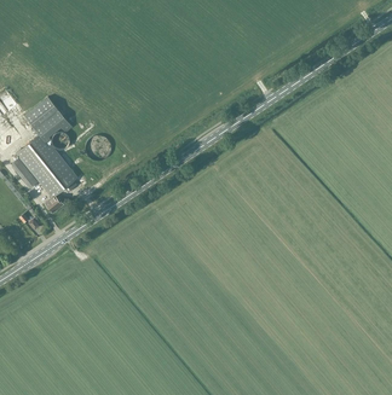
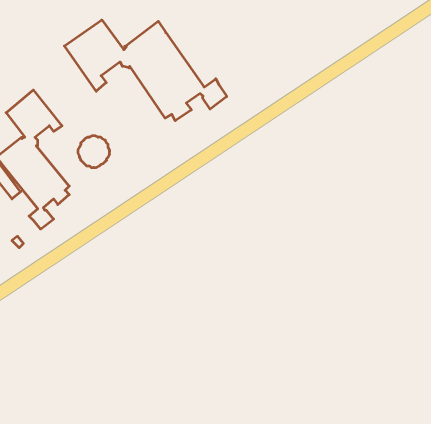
building: none -> [64,20,227,121]

